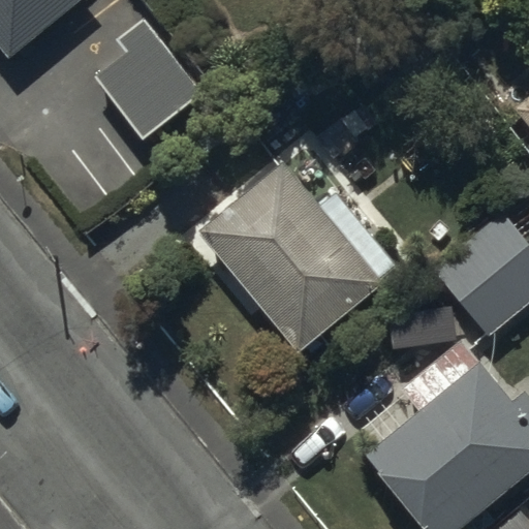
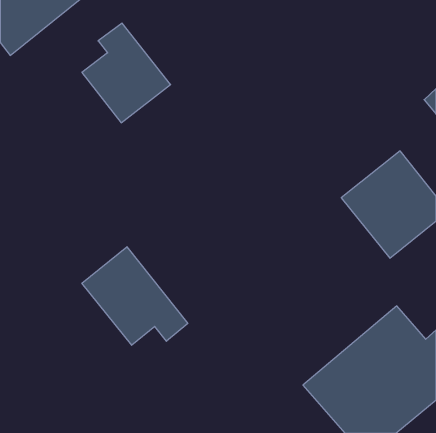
building: [189,147,391,336] -> none
building: none -> [82,247,188,345]

